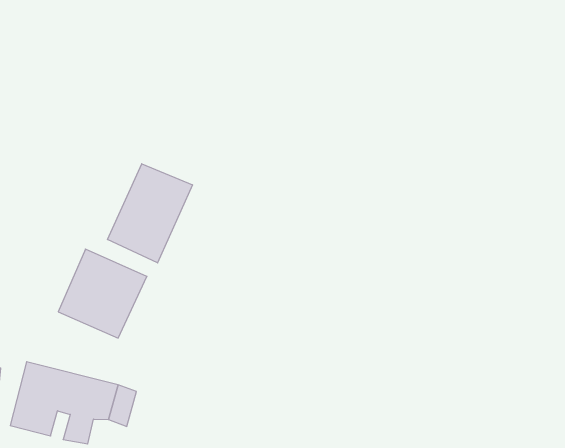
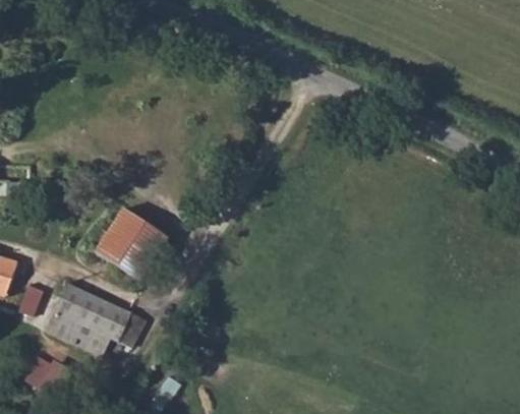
building: [108,164,192,263] -> none

